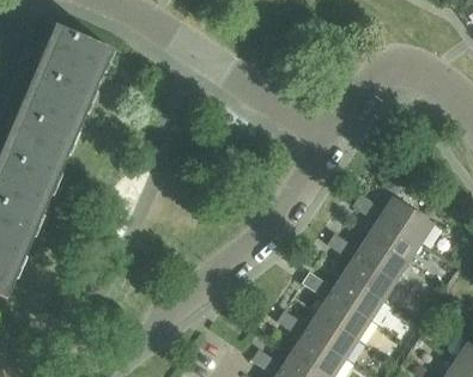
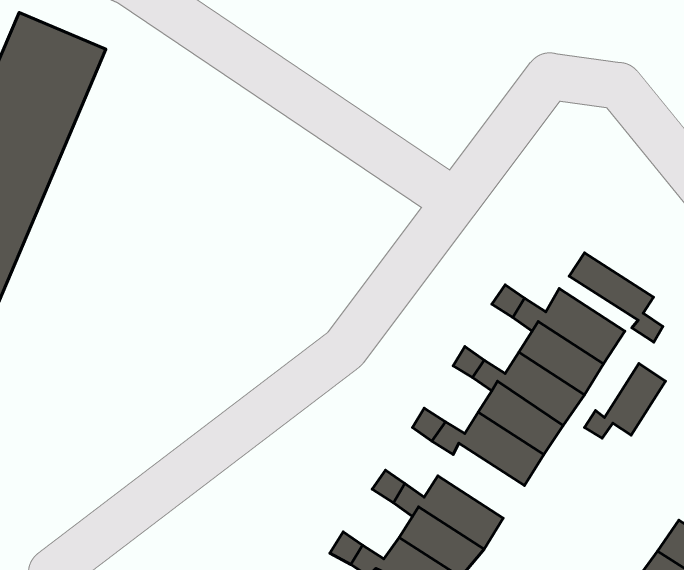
building: none -> [569,253,663,342]
building: none -> [584,364,665,438]
building: [317,293,371,340] -> none

